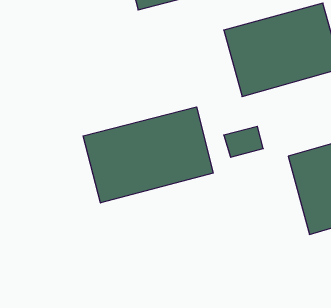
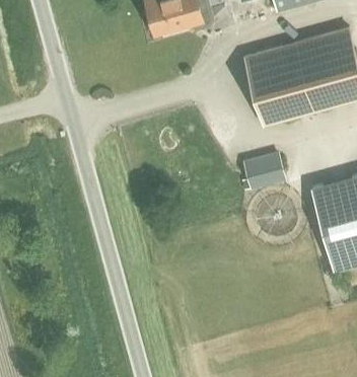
building: [83,107,213,203] -> none

